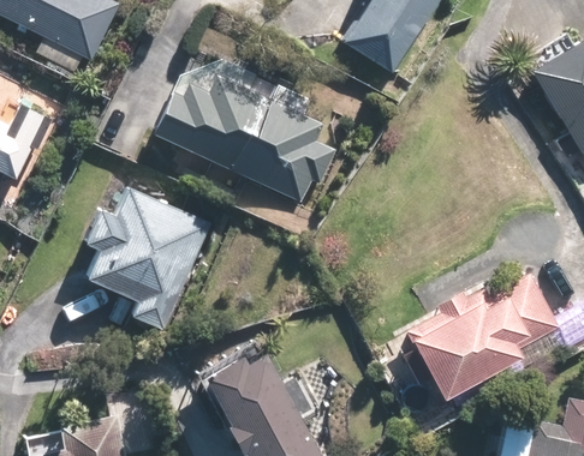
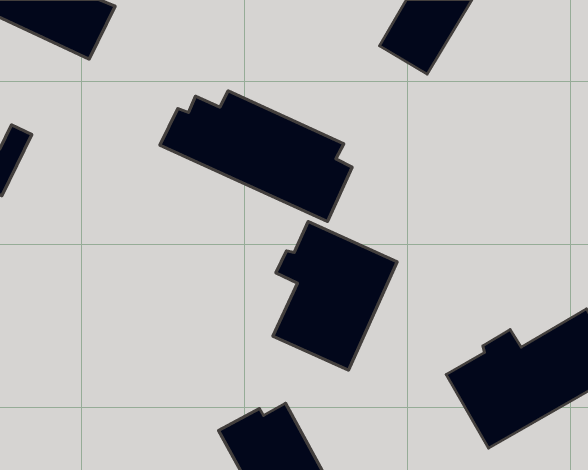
building: [84,193,205,324] -> none
building: none -> [273,222,397,370]

